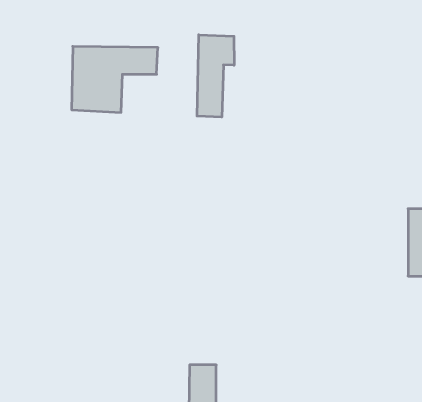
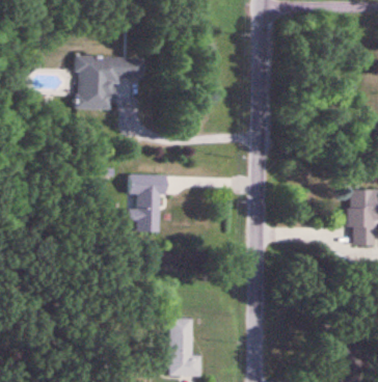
building: [197,35,234,117] -> none
building: none -> [129,174,166,233]

